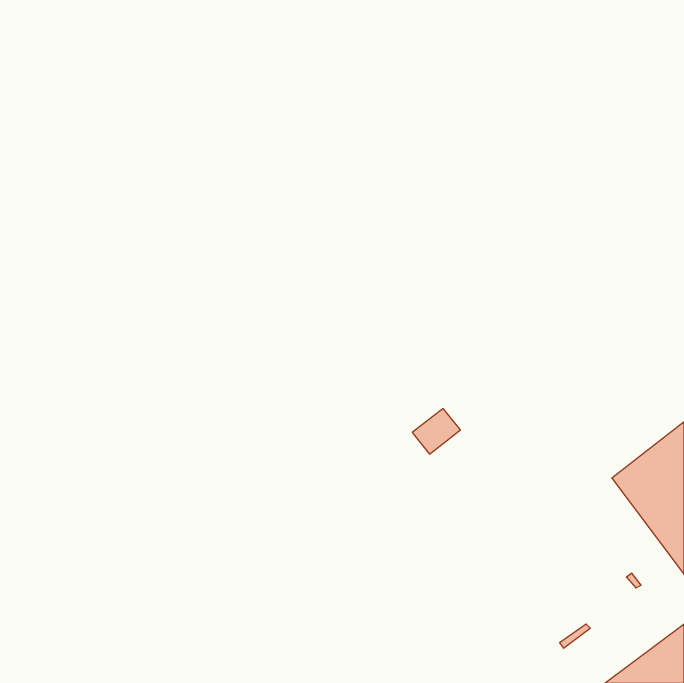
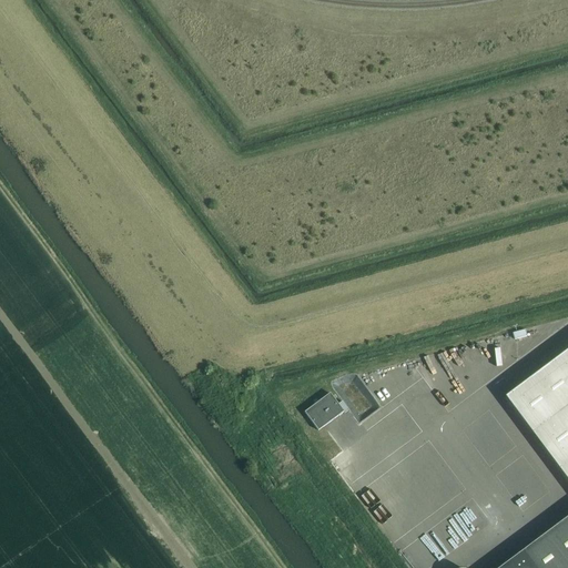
building: [412,409,460,454] -> [304,392,344,429]

